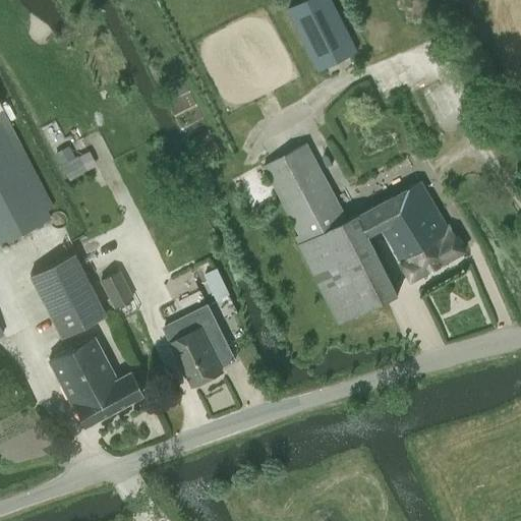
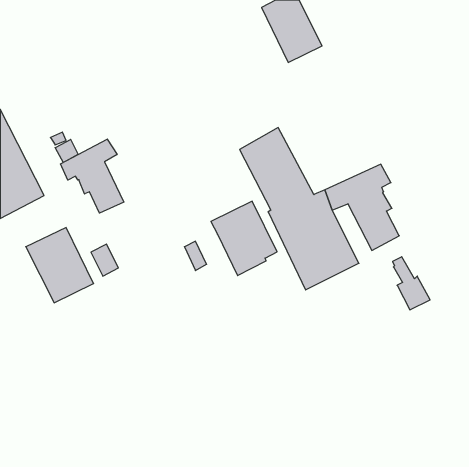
building: none -> [61,139,124,213]
building: [423,205,465,264] -> [393,257,430,310]
building: [163,305,236,388] -> [211,201,277,276]
building: [49,336,142,424] -> none

